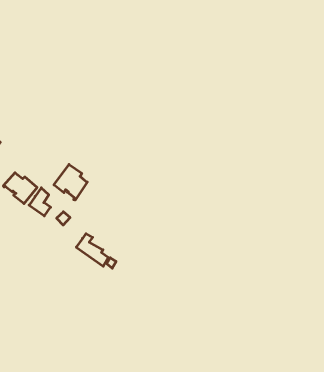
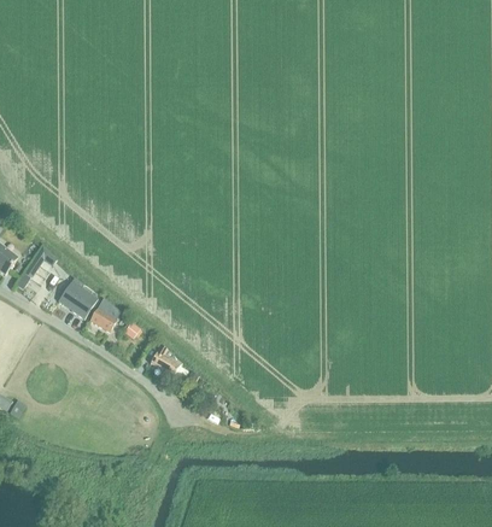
building: [54,164,87,200] -> none

